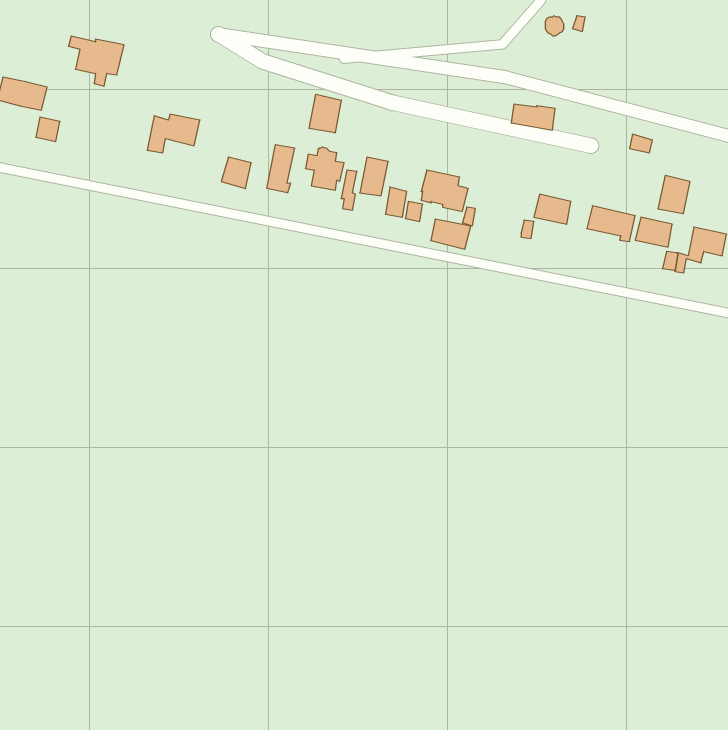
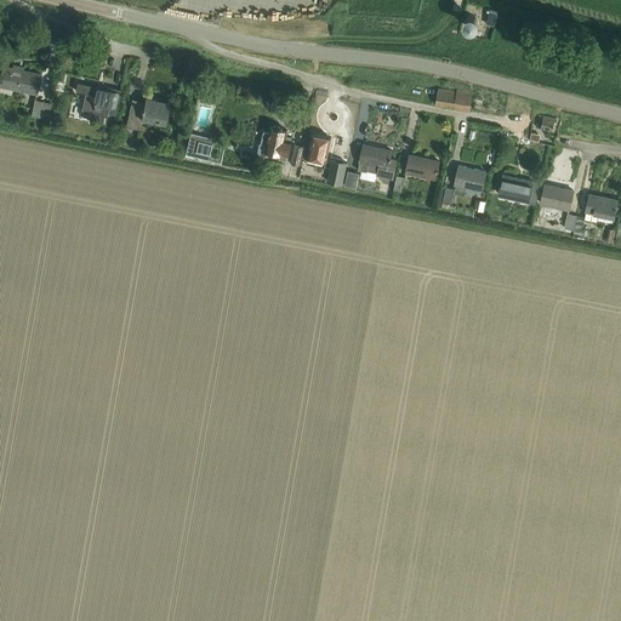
building: [68,36,124,86] -> [74,82,121,125]
building: [309,94,341,133] -> none
building: [267,145,294,193] -> none
building: [658,175,690,214] -> none
building: [431,219,471,249] -> [405,154,439,180]

